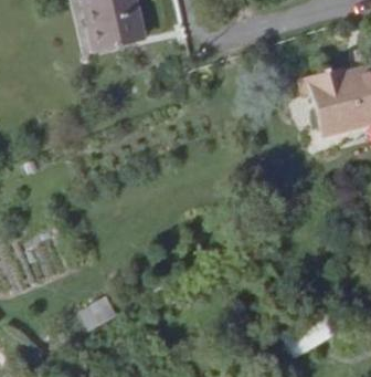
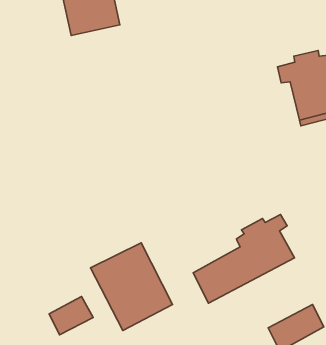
building: none -> [193,214,295,303]
building: none -> [91,243,173,330]

